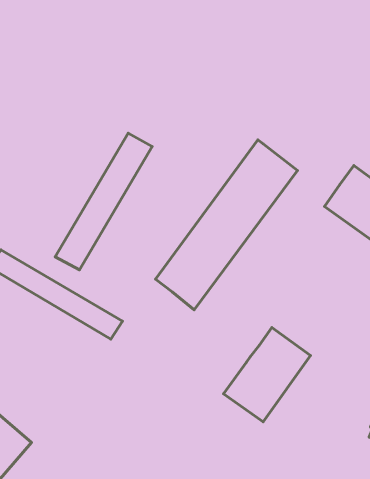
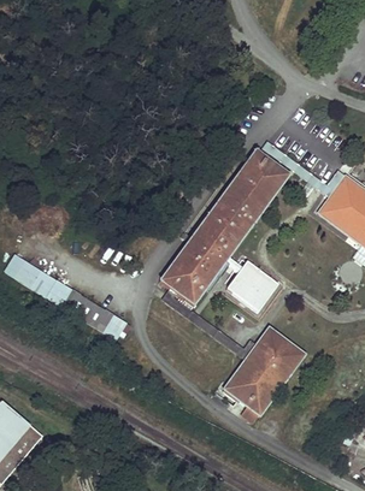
building: [55,133,152,270] -> none
building: none -> [228,264,278,314]

